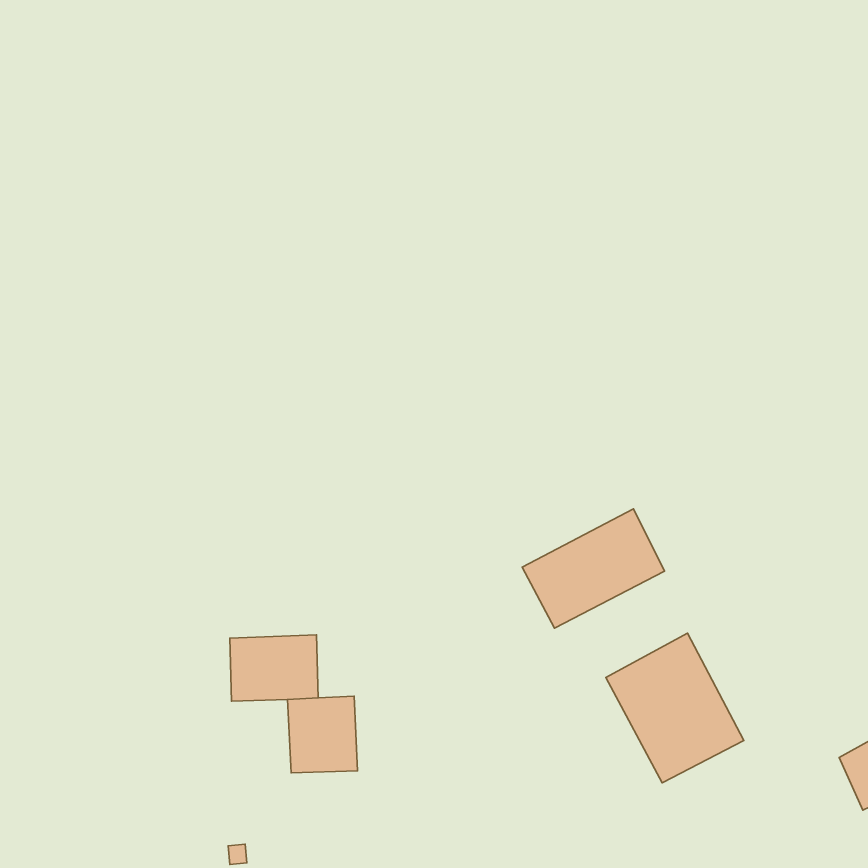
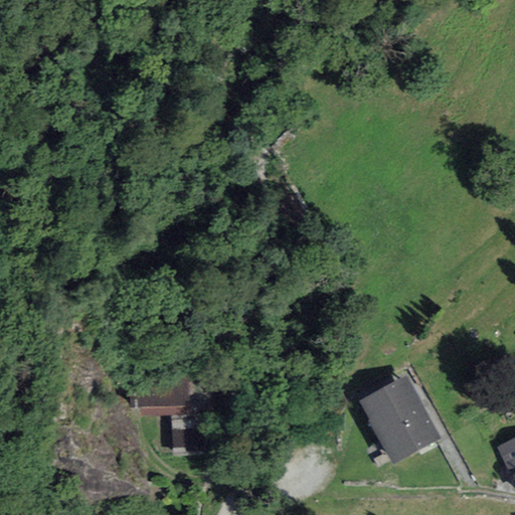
building: [522,509,665,628] -> none

